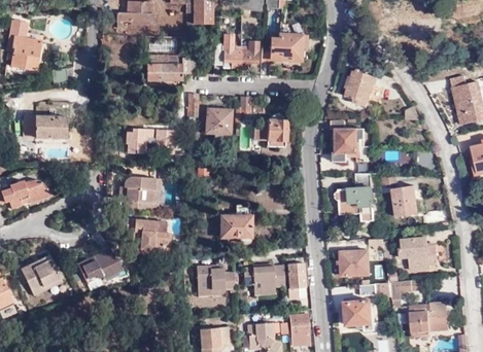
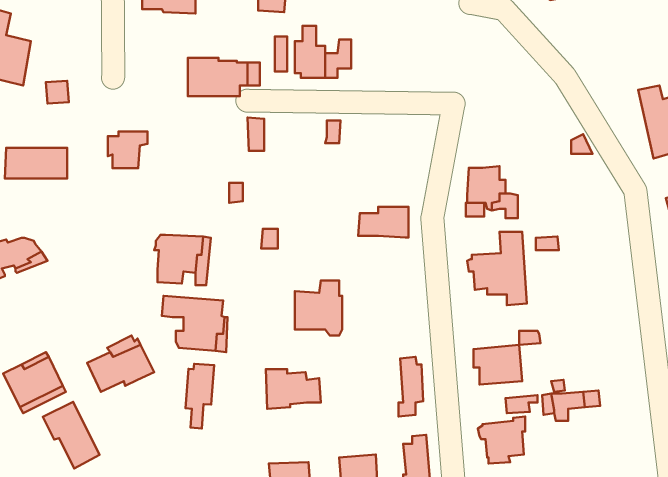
building: [261,33,305,62] -> none
building: [344,72,373,108] -> none
building: [201,109,231,134] -> none
building: [252,119,286,140] -> [358,207,409,238]
building: [126,129,152,153] -> [108,132,147,168]
building: [390,185,414,216] -> none
building: [401,239,440,266] -> none
building: none -> [186,364,214,428]
building: [246,266,287,288] -> none
building: none -> [43,402,100,468]
building: [412,301,451,330] -> none

